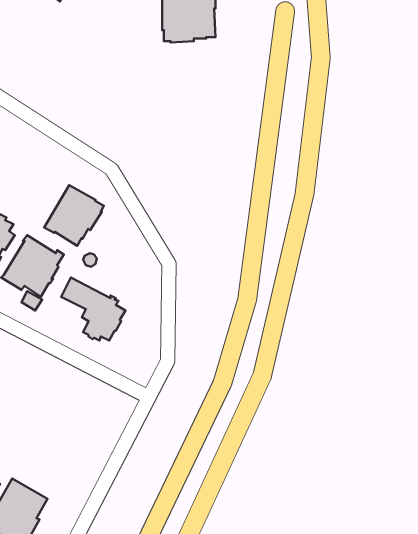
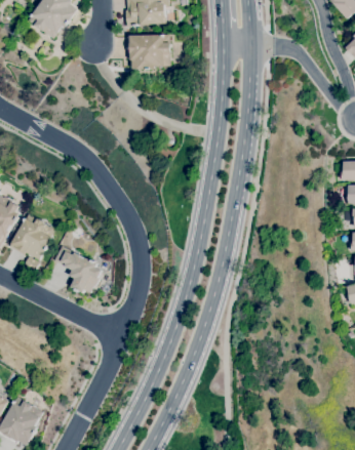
building: [44,185,104,246] -> none

